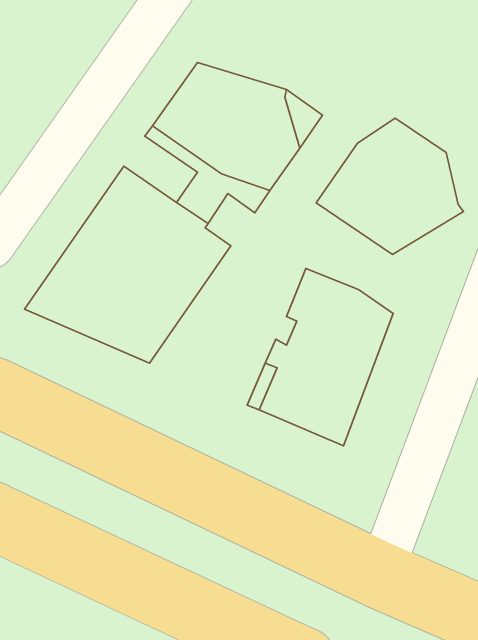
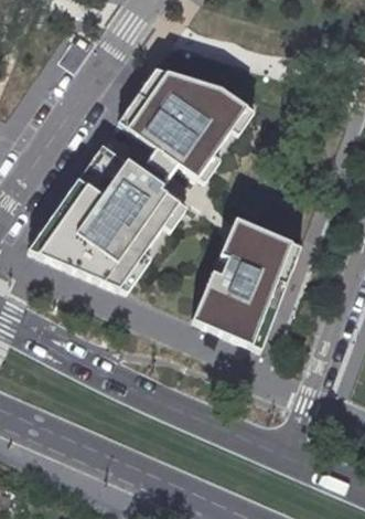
building: [316,118,463,255] -> none

